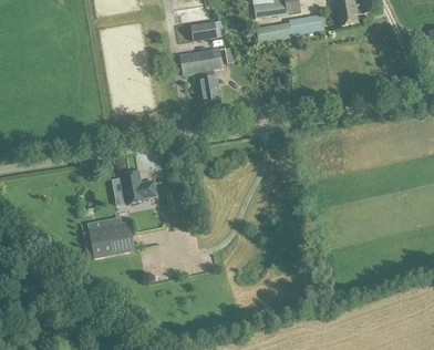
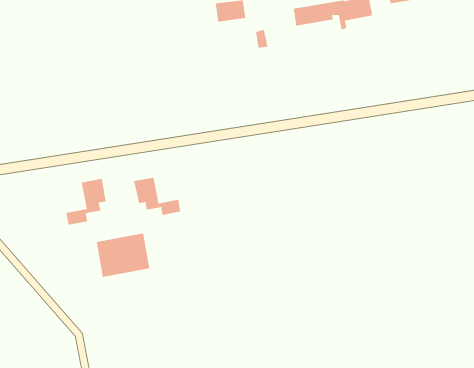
building: [178,47,221,99] -> none
building: none -> [65,178,106,226]

